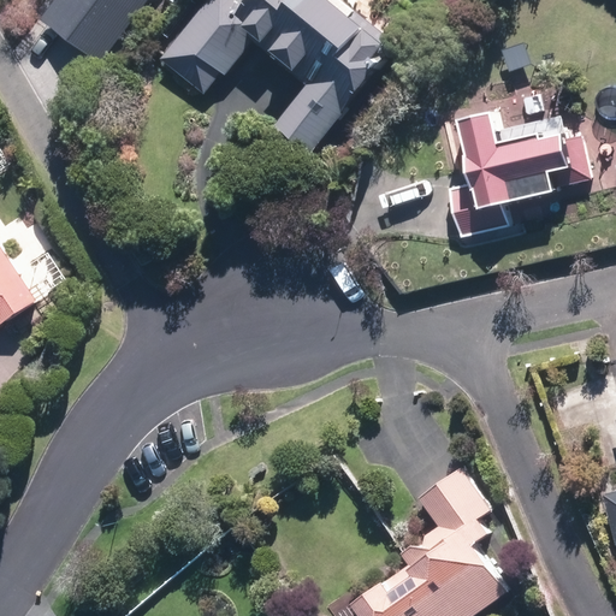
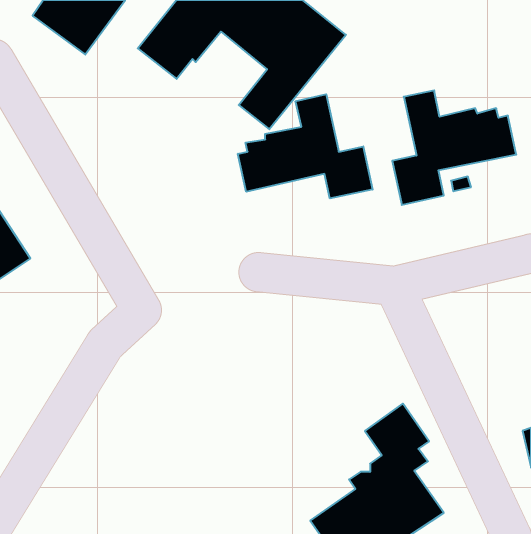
building: none -> [238,94,373,198]

